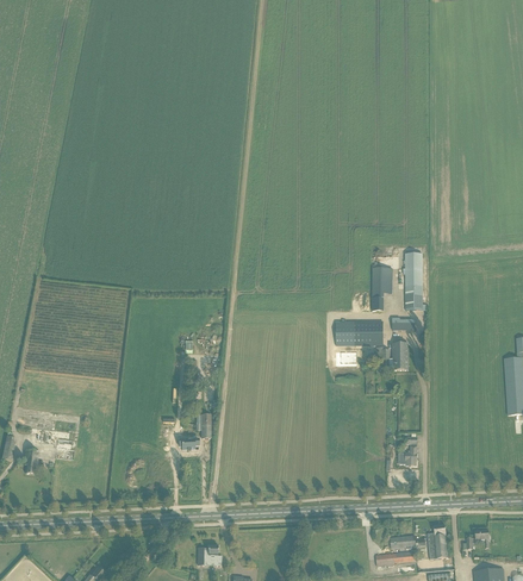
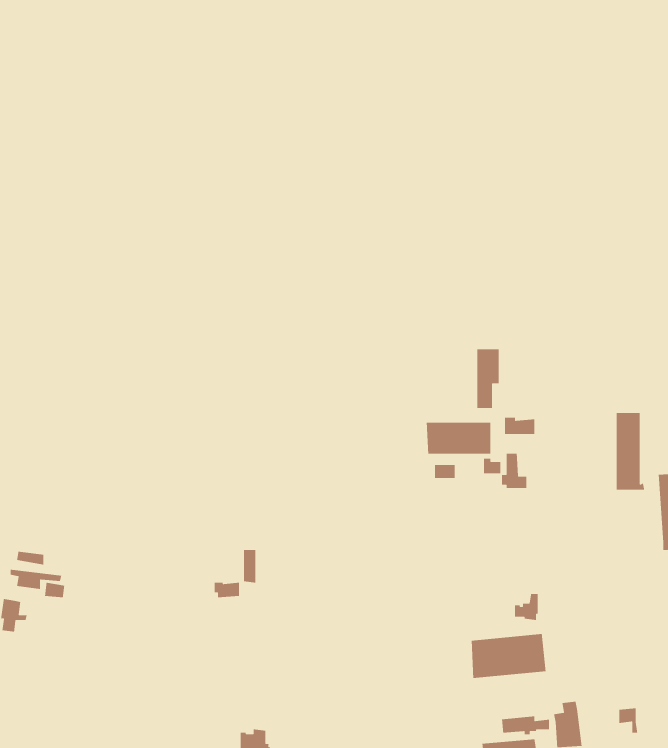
building: [404,252,425,310] -> [616,412,645,490]
building: none -> [471,633,546,679]

